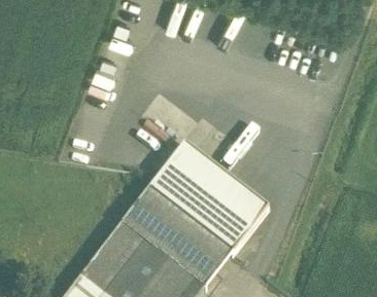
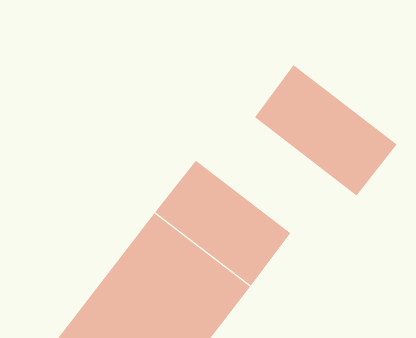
building: none -> [254,64,398,197]

